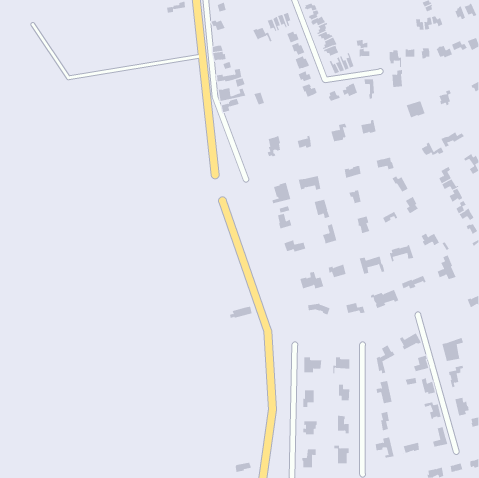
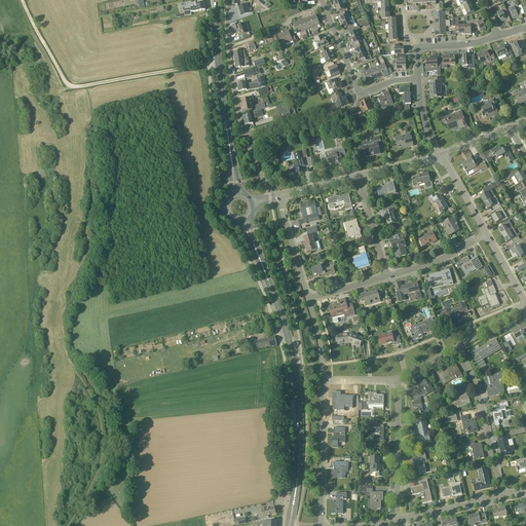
building: none -> [469,337,500,368]

